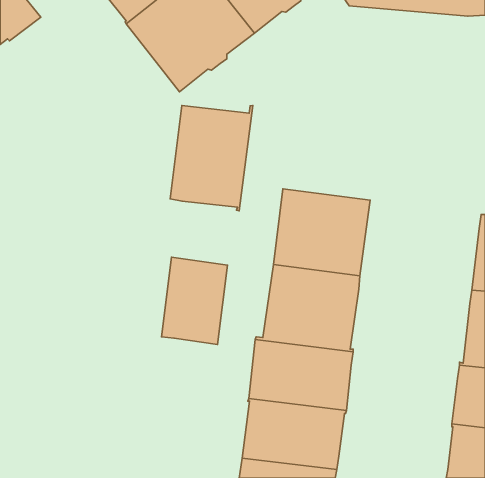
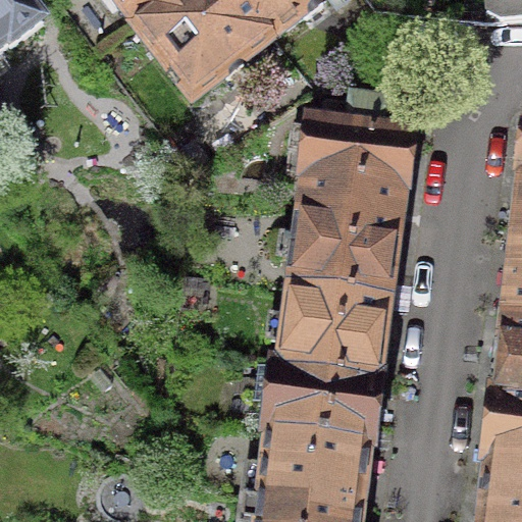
building: none -> [303,99,411,215]
building: [170,106,253,211] -> none
building: [161,257,227,344] -> none

